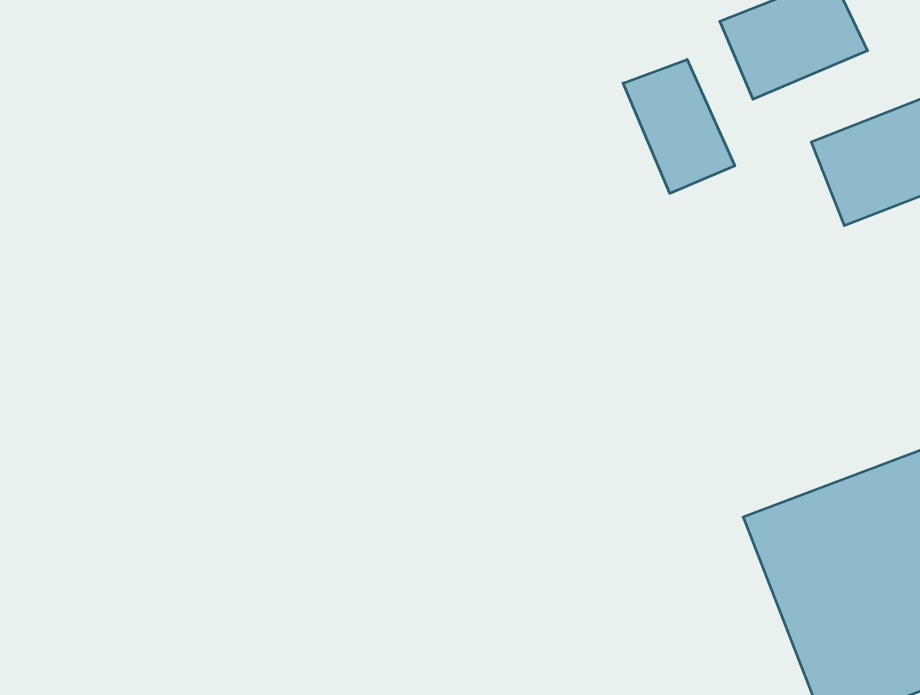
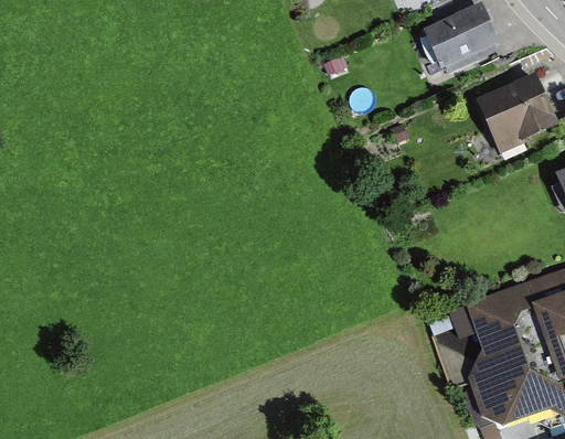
building: [623,59,735,193] -> none

